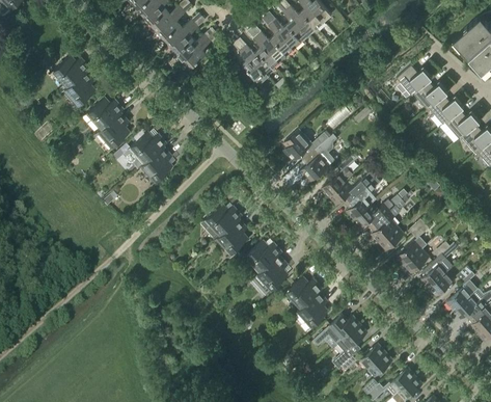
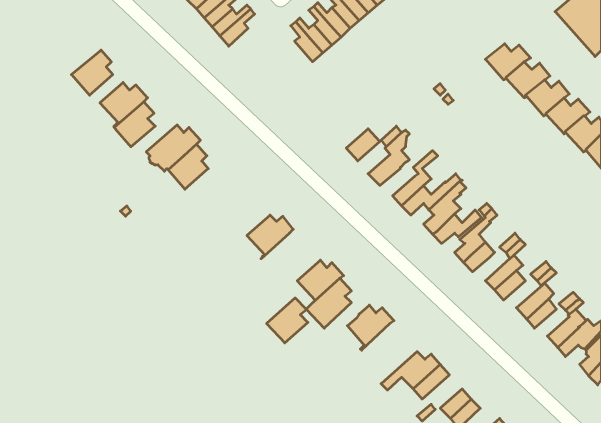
building: [51,55,89,90] -> none
building: [215,218,248,254] -> [267,298,308,343]
building: [296,291,328,328] -> none

